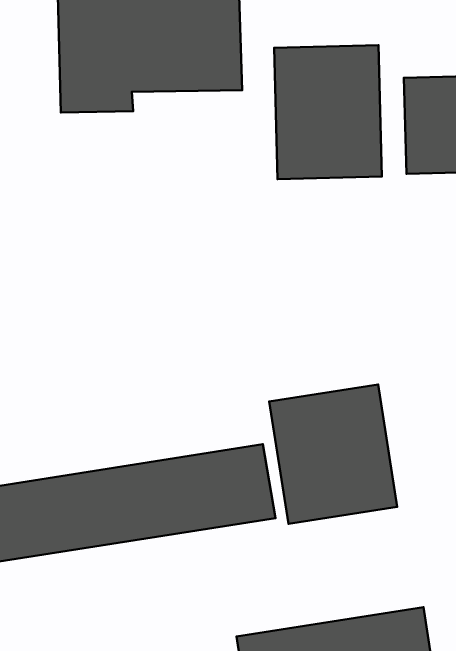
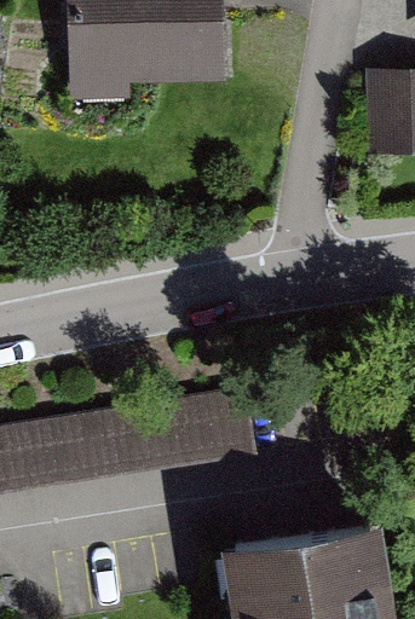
building: [274,45,382,179] -> none
building: [269,385,397,524] -> none

